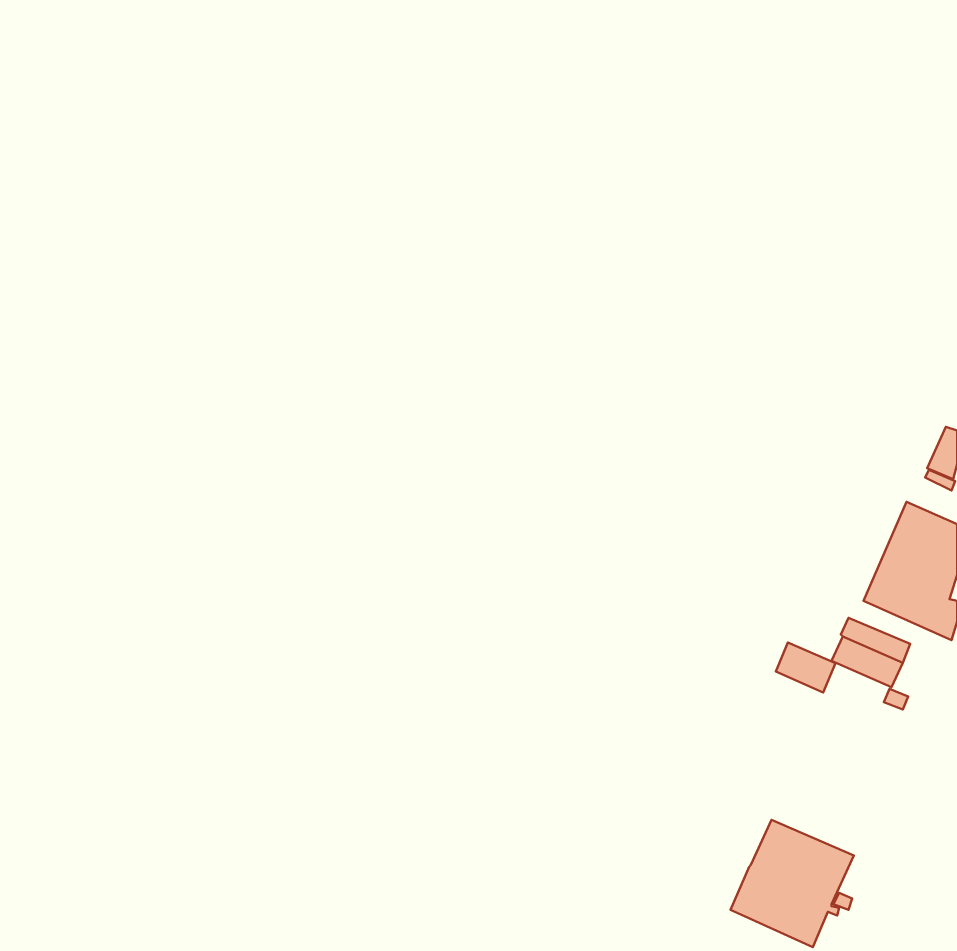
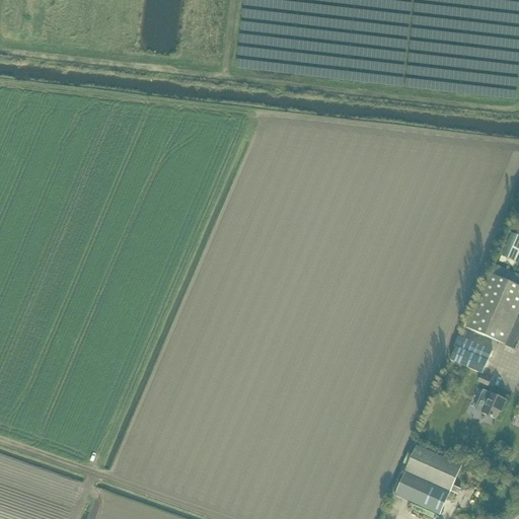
building: [776,643,835,692] -> none
building: none -> [475,388,507,417]

